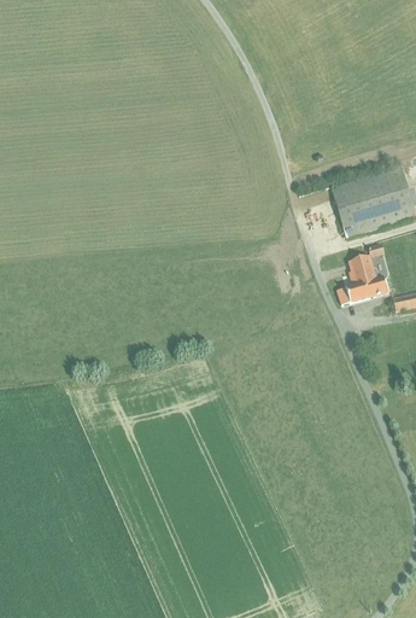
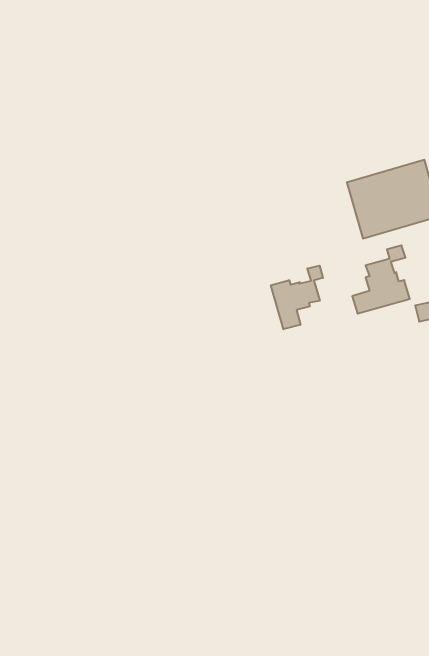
building: none -> [271,266,323,329]

